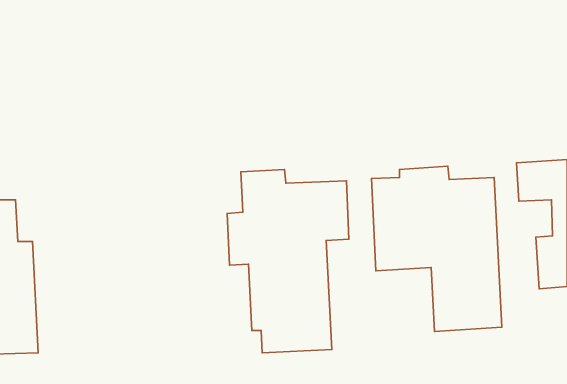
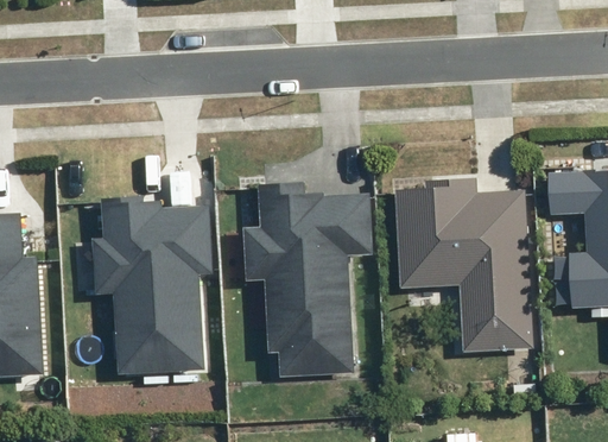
building: none -> [88,197,208,373]

